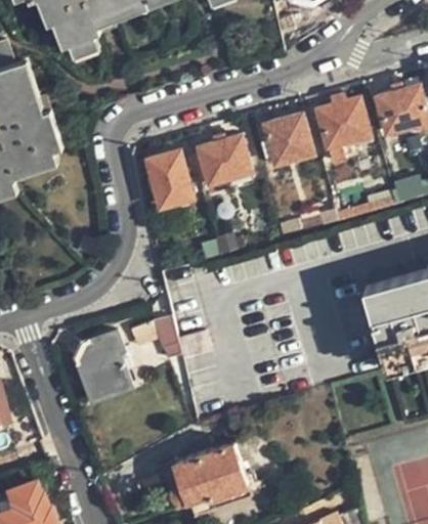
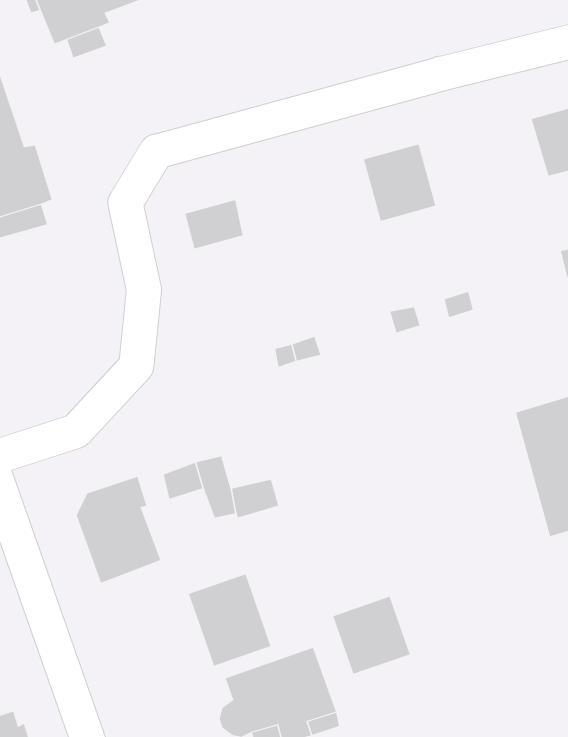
building: [316,97,370,164] -> none
building: [198,135,253,185] -> none
building: [153,173,192,208] -> none
building: none -> [188,574,271,666]
building: none -> [333,596,411,675]

